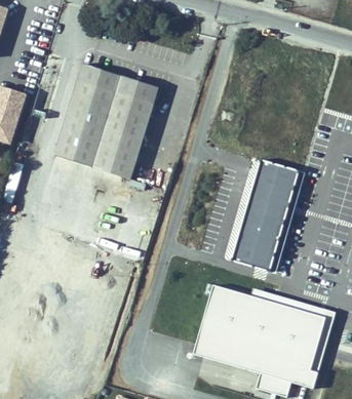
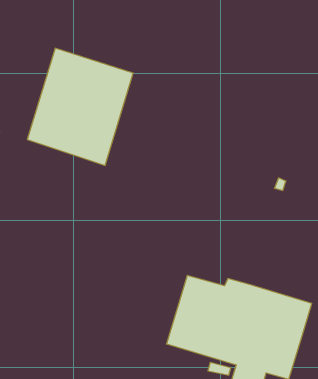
building: [229,160,301,271] -> none

